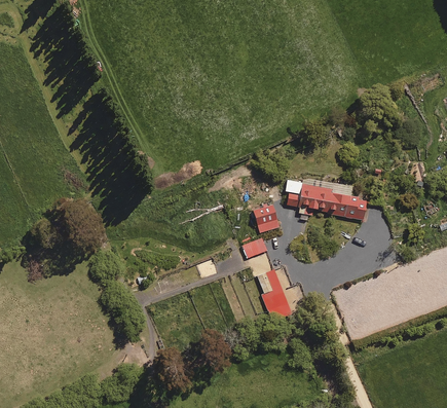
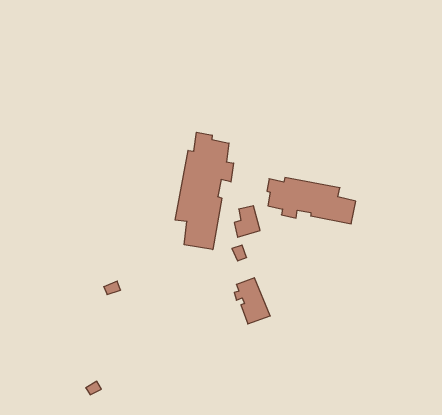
building: none -> [175,132,234,250]

